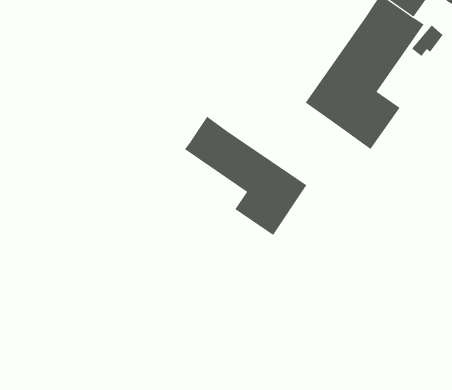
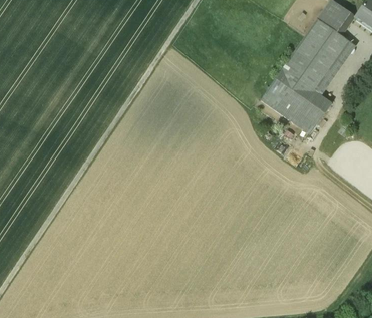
building: [184,116,307,236] -> none

